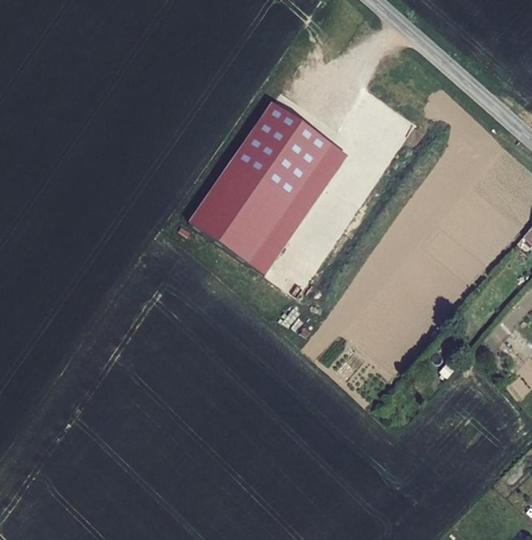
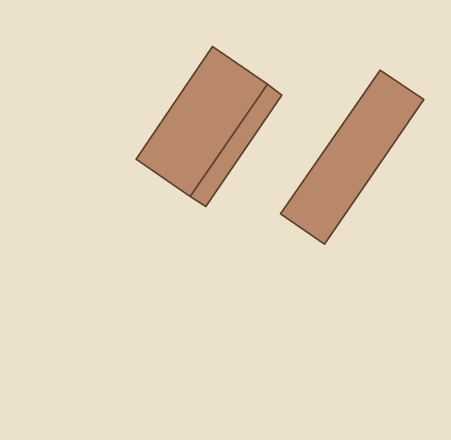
building: none -> [281,70,424,244]

